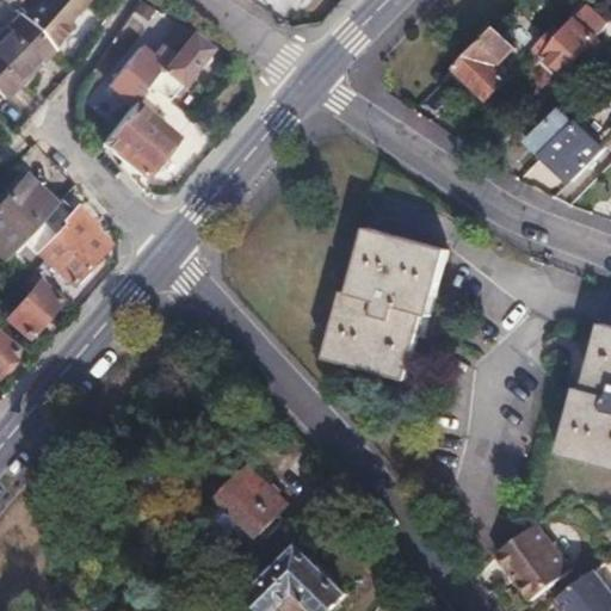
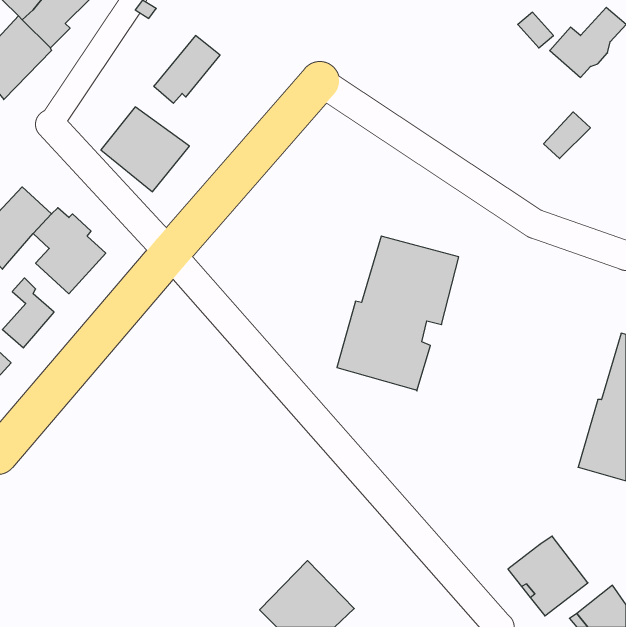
building: [105,24,190,107] -> none
building: [449,29,513,98] -> none
building: [543,124,601,181] -> none
building: [218,463,285,532] -> none

